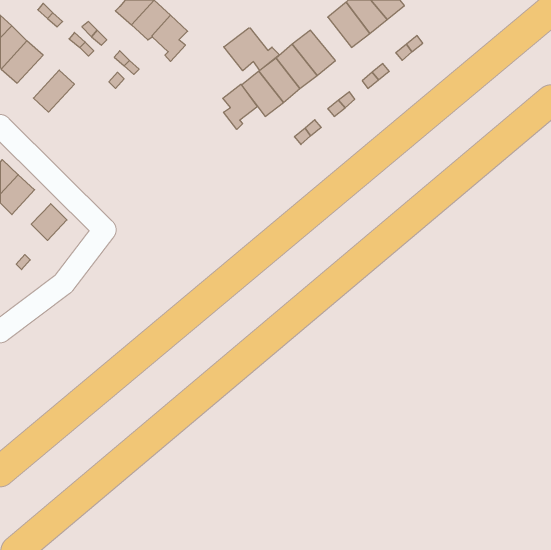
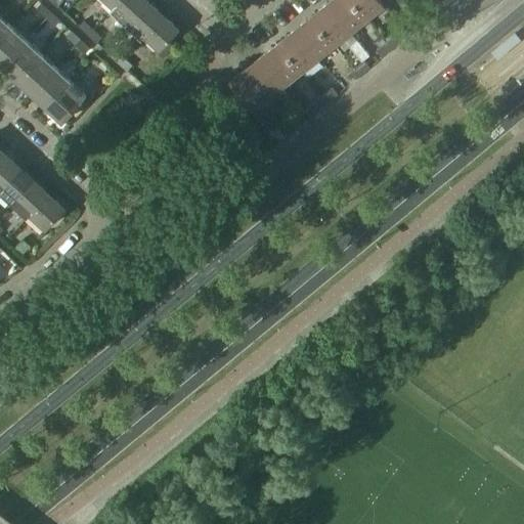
building: none -> [295,17,334,58]
building: [224,28,280,71] -> none
building: none -> [16,53,56,94]
building: none -> [46,81,86,122]
building: [223,84,257,129] -> none
building: none -> [11,181,48,218]

